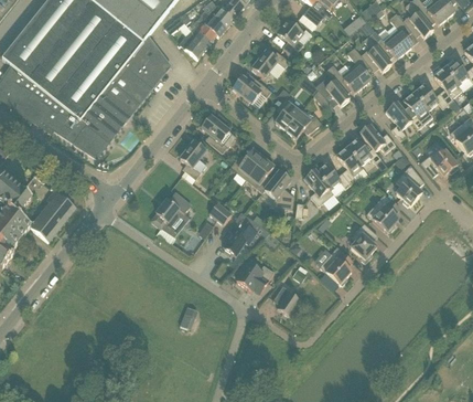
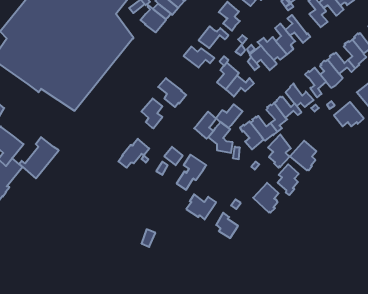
building: [368,30,405,60] -> none
building: [230,148,264,178] -> [216,104,243,128]
building: [395,163,423,205] -> [268,134,291,168]

